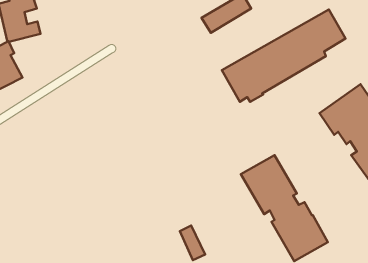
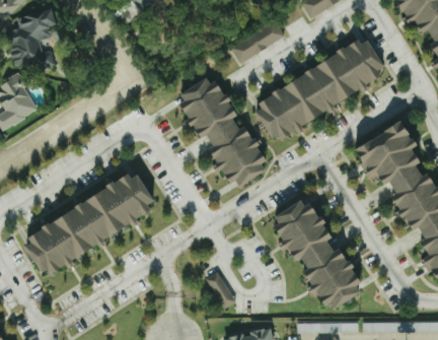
building: none -> [175,74,269,189]
building: none -> [26,171,154,275]

